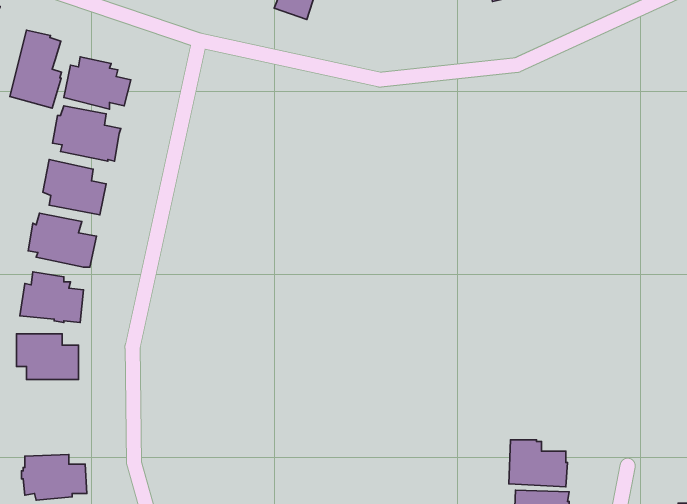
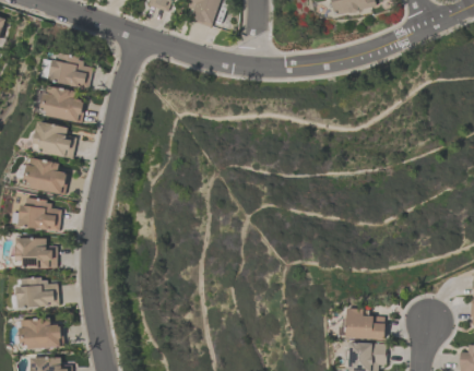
building: [10,30,61,108] -> none
building: none -> [16,277,58,308]

